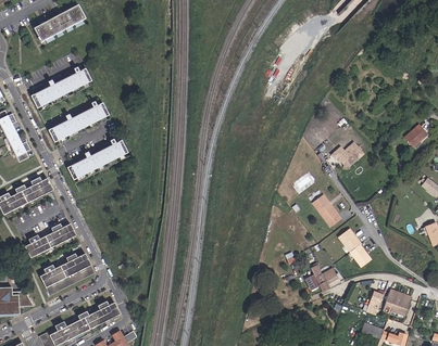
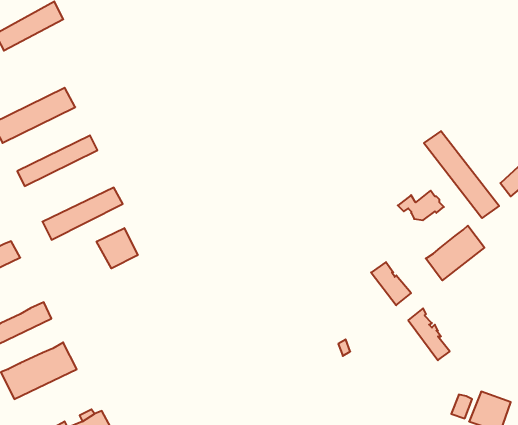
building: none -> [424,131,499,218]
building: none -> [426,226,484,280]
building: none -> [97,228,138,268]
building: [304,262,339,291] -> none

